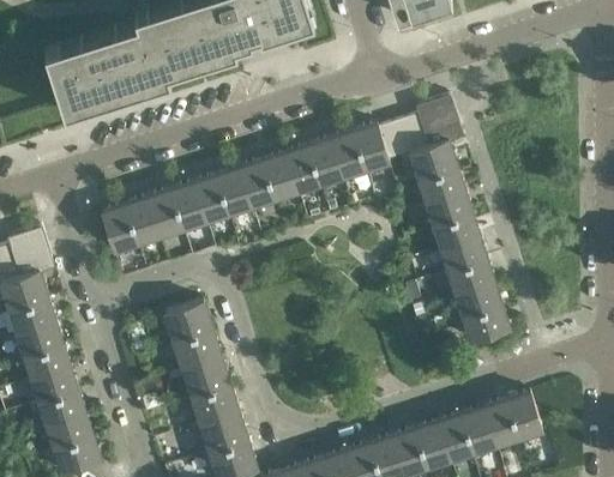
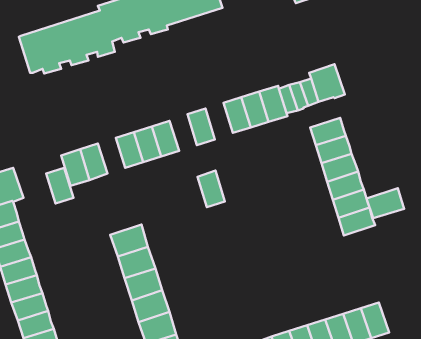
building: [409,140,456,179] -> none
building: [284,147,319,194] -> none
building: [239,162,273,209] -> [198,170,225,207]
building: [148,192,182,237] -> [46,168,74,204]
building: [460,303,508,342] -> [367,188,404,218]
building: [505,393,541,440] -> none

